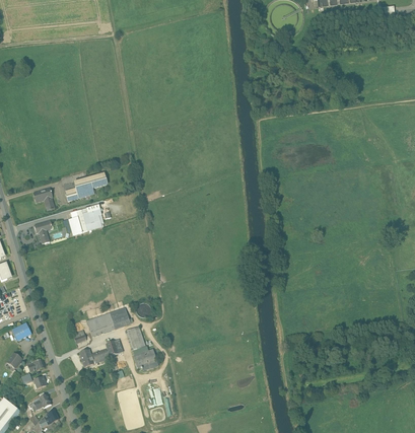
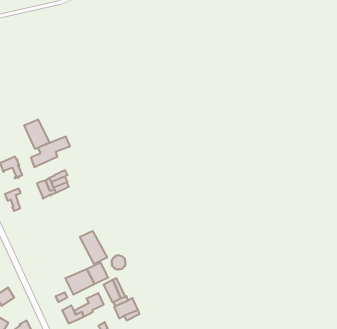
building: none -> [24,119,49,149]
building: none -> [80,231,107,264]

